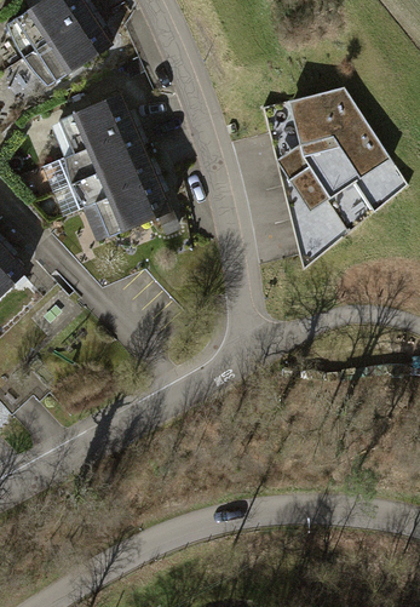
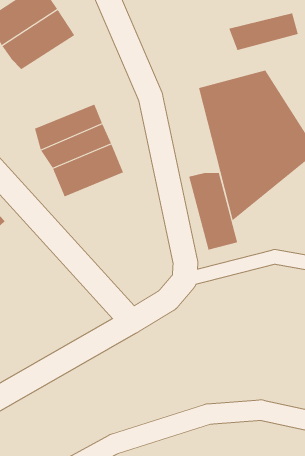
building: none -> [228,12,299,51]
building: [50,92,137,158] -> none
building: none -> [188,172,238,251]

